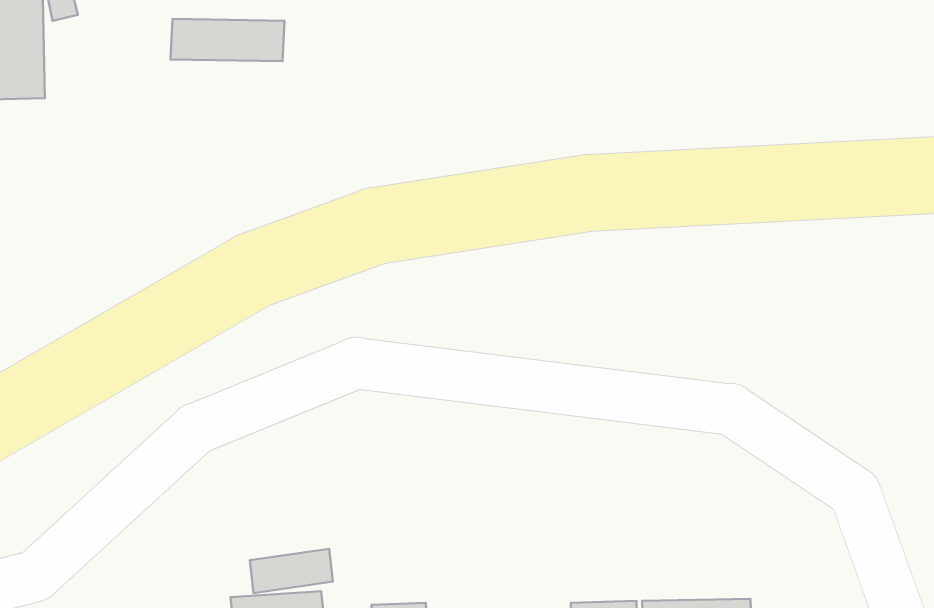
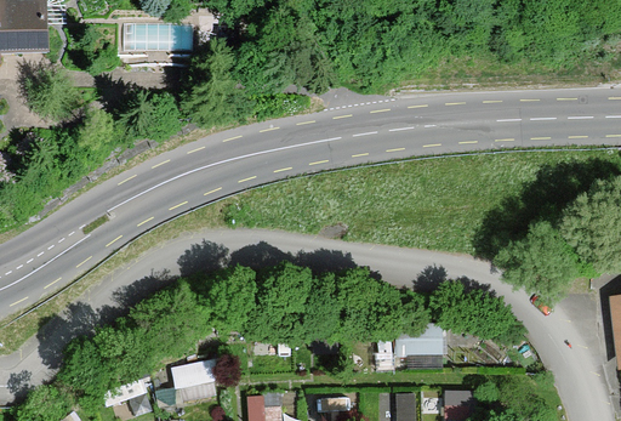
building: none -> [395,325,443,355]

